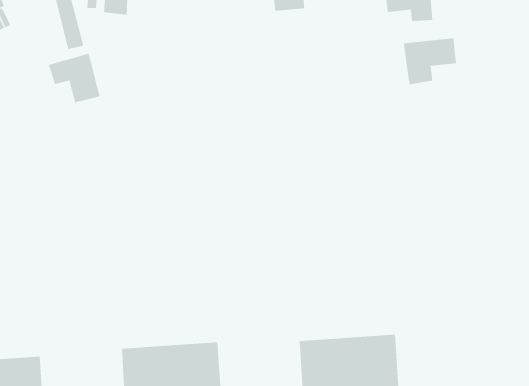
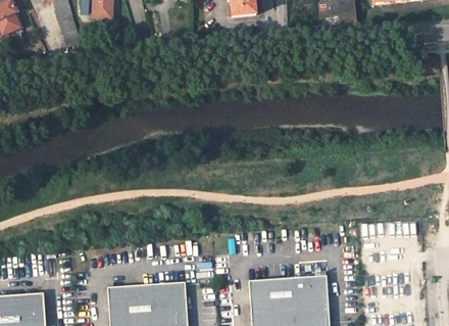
building: [403,37,456,85] -> none
building: [48,53,100,103] -> none

